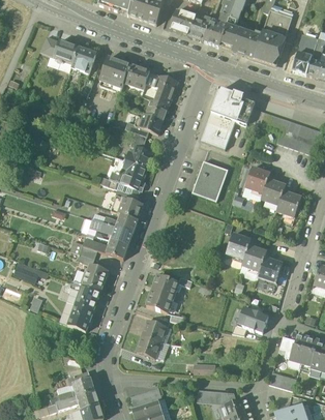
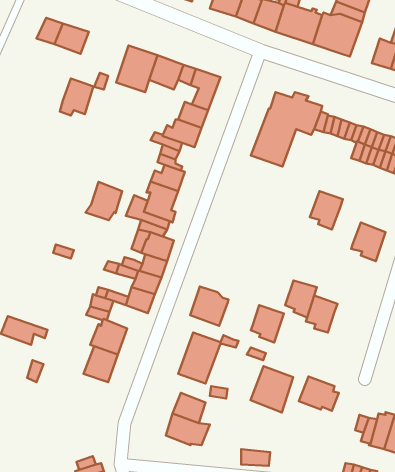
building: [70,47,96,74] -> [60,78,94,116]
building: none -> [86,182,122,220]
building: [194,160,228,201] -> none
building: [261,179,286,207] -> none
building: none -> [190,286,228,326]
building: [258,258,283,286] -> [251,305,284,342]
building: none -> [251,366,293,412]
building: [67,304,93,331] -> none

